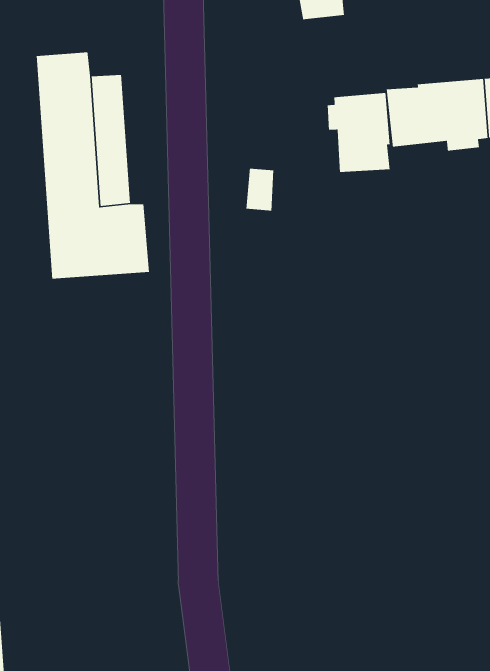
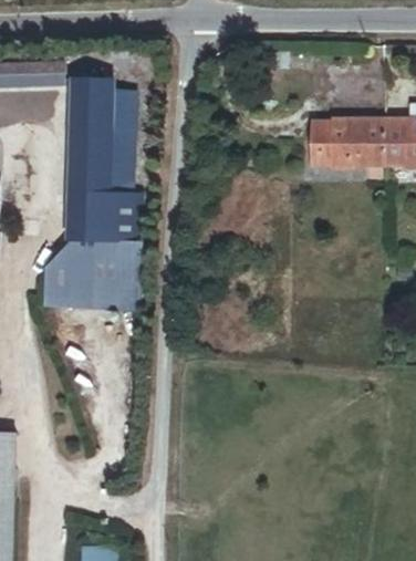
building: [327,92,391,173] -> none
building: none -> [52,231,142,305]

